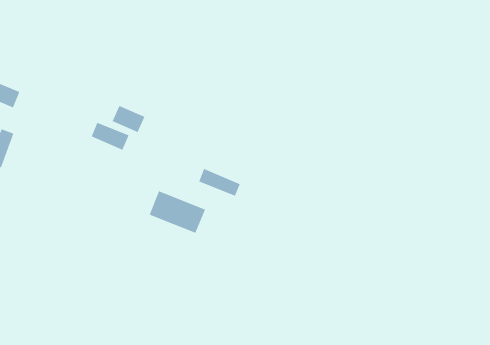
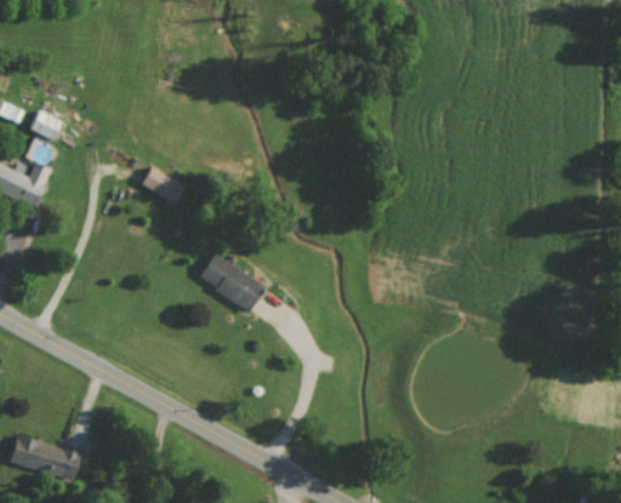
building: [112,105,145,133] -> none
building: [198,168,241,196] -> none

